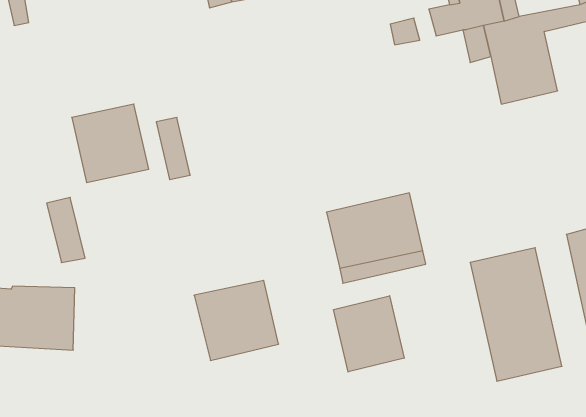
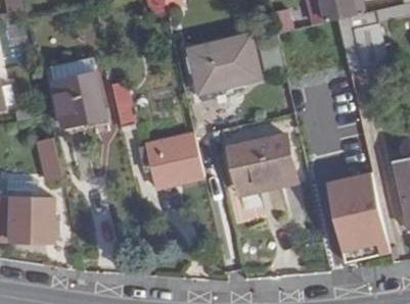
building: none -> [188,34,259,91]
building: [194,280,279,360] -> [144,133,202,188]
building: [334,296,404,372] -> none

